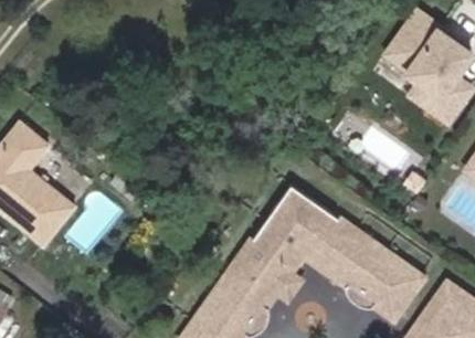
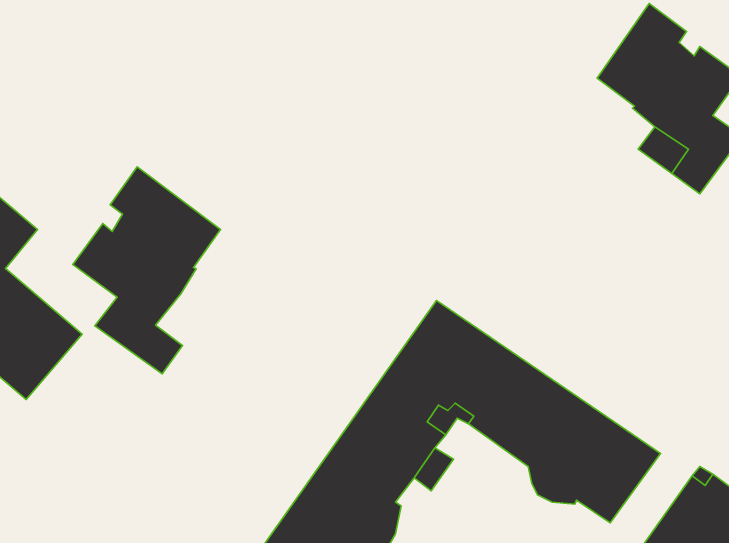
building: none -> [73,167,221,374]

